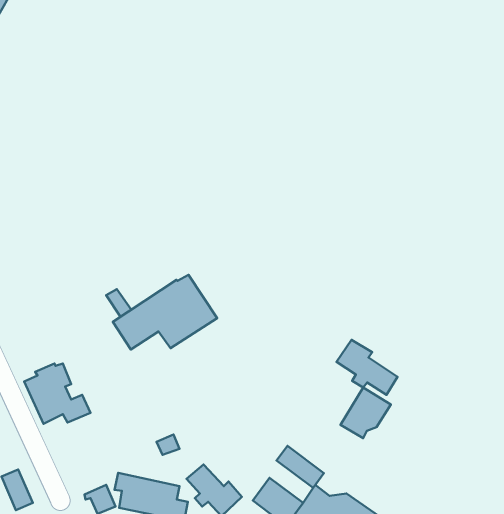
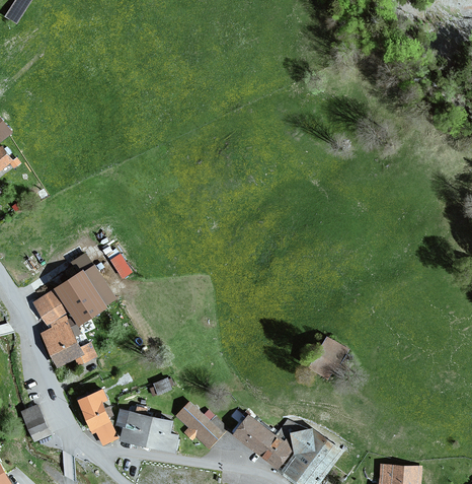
building: [113,275,217,349] -> [30,264,119,327]
building: [336,340,398,395] -> none
building: [277,446,324,488] -> none
building: none -> [79,390,109,428]

